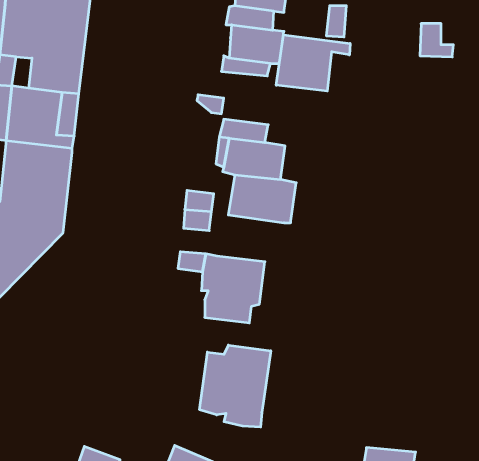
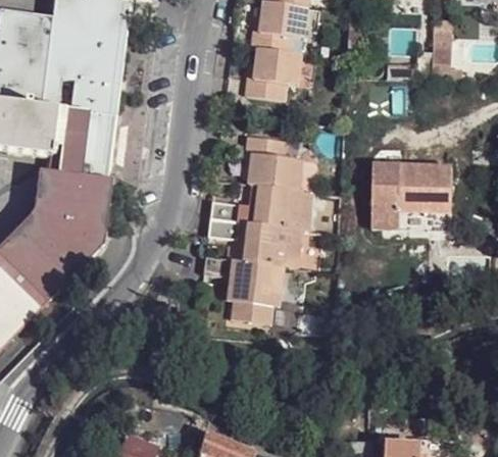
building: [276,35,350,91] -> none
building: none -> [363,164,445,235]
building: none -> [244,222,305,266]
building: [200,345,271,427] -> none

